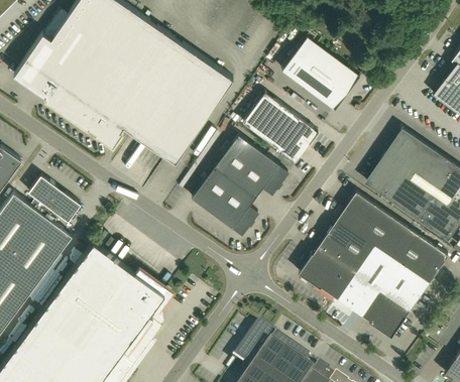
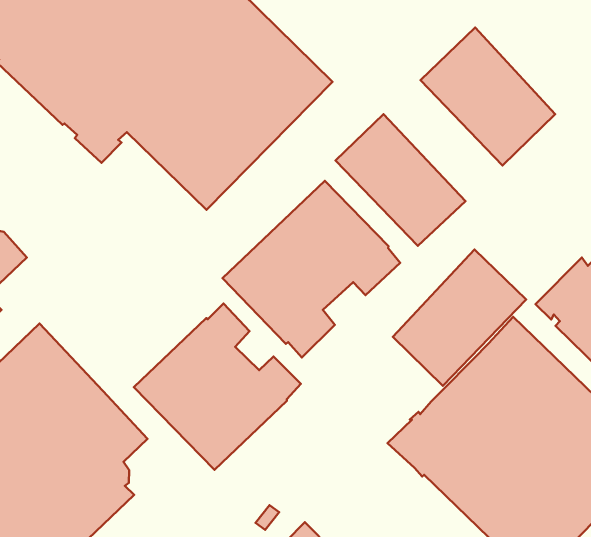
building: none -> [393,249,526,386]
building: none -> [134,303,301,470]

